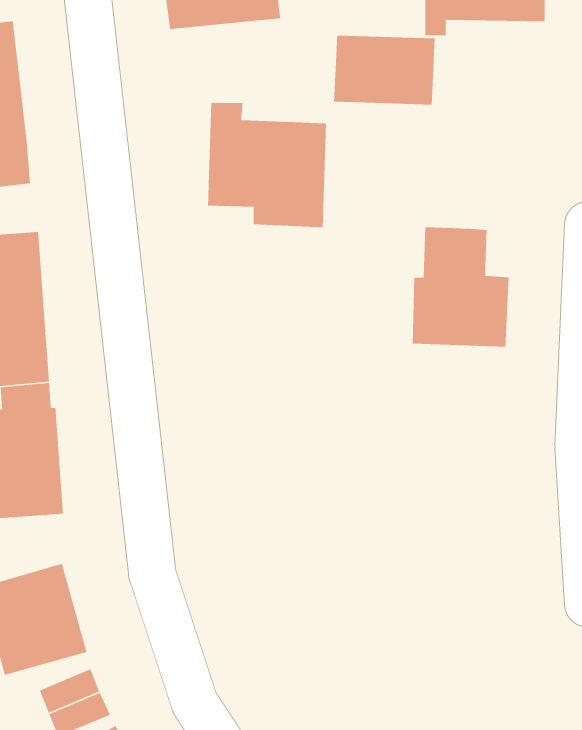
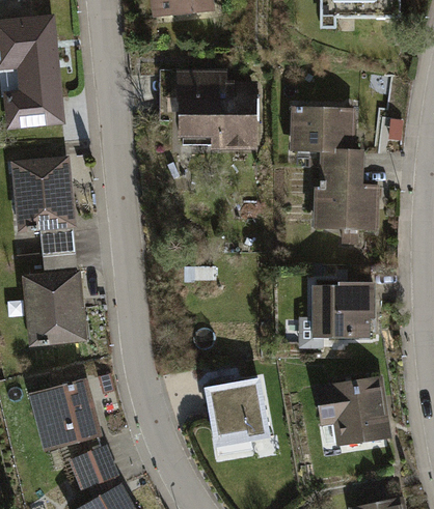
building: [333,35,436,105] -> [288,106,355,152]
building: none -> [313,282,374,334]
building: none -> [205,373,270,460]
building: none -> [316,377,392,447]

